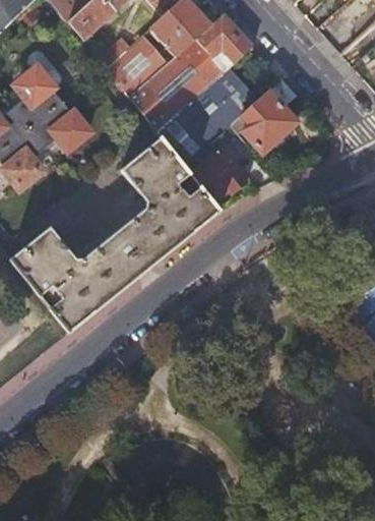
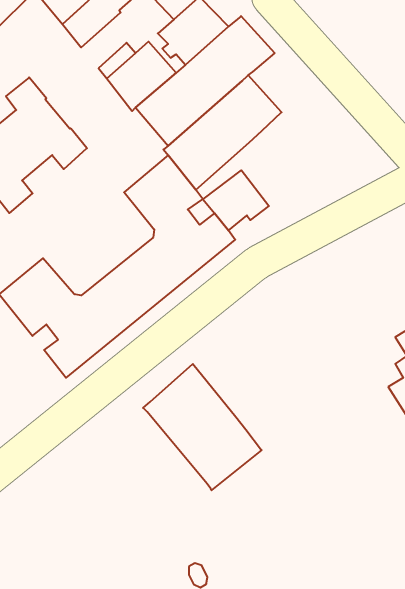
building: [242,78,297,153] -> none
building: none -> [143,364,262,490]

